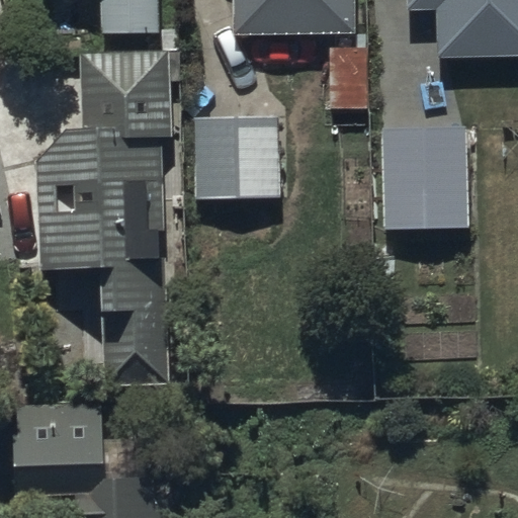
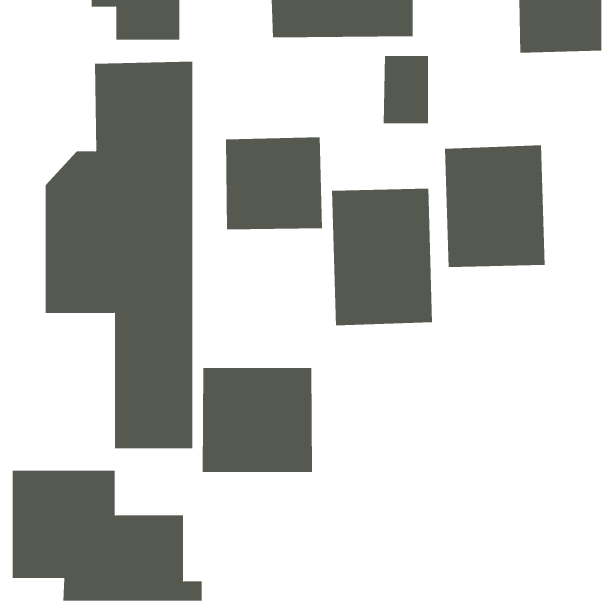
building: none -> [332,188,433,326]
building: none -> [202,367,312,473]

